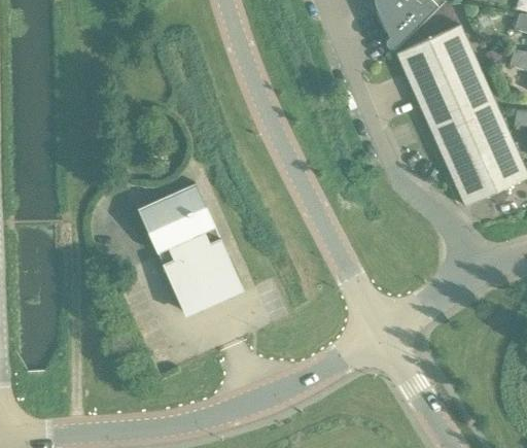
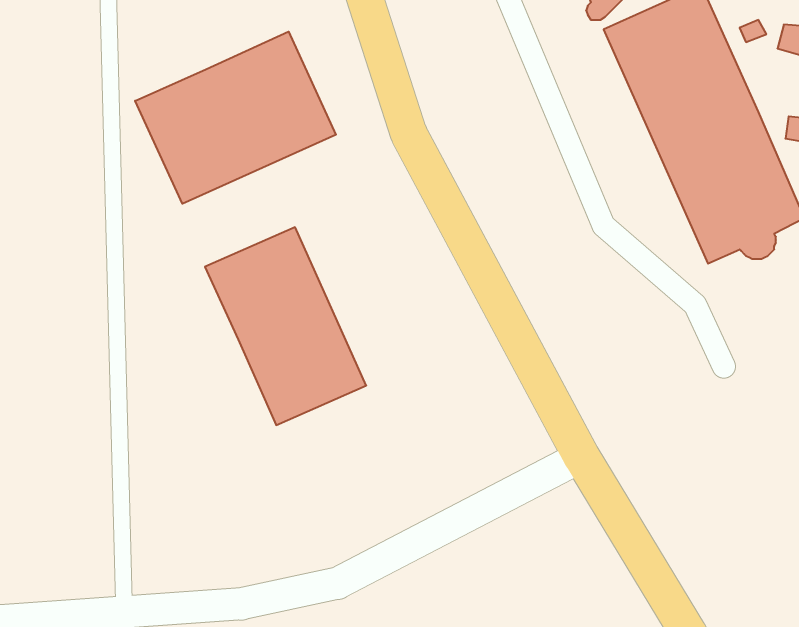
building: none -> [135,32,336,204]

